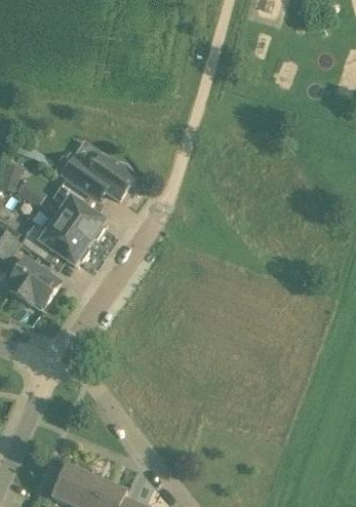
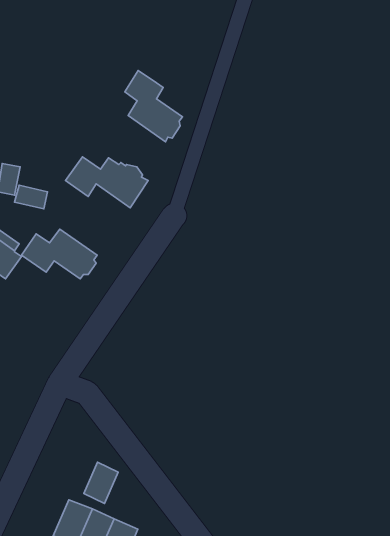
building: [52,178,105,242] -> [125,70,182,142]
building: [7,258,60,307] -> none
building: none -> [84,462,118,504]

